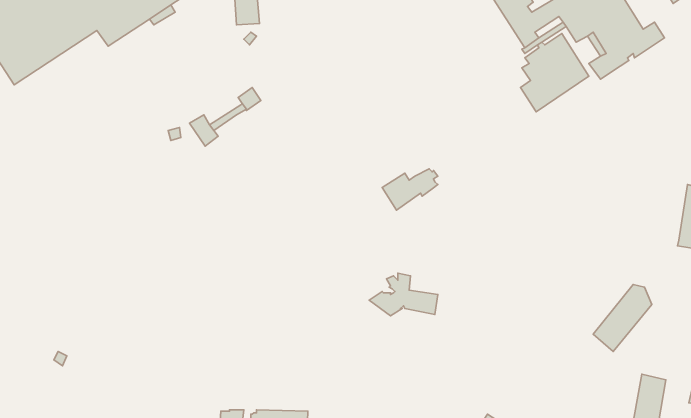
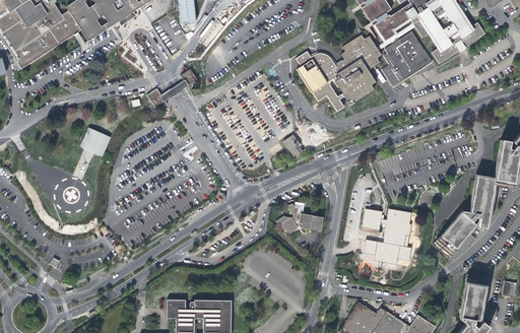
building: none -> [295,34,382,111]
building: none -> [83,128,109,154]
building: none -> [470,175,495,226]
building: none -> [362,207,410,263]

